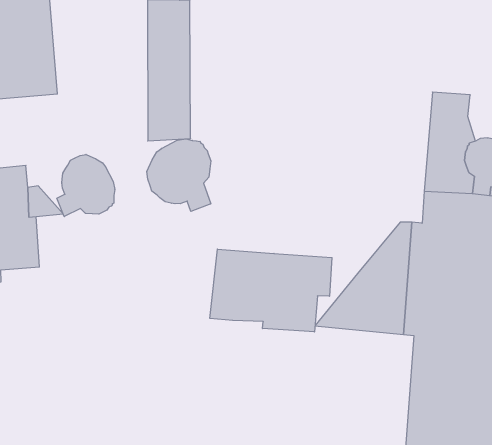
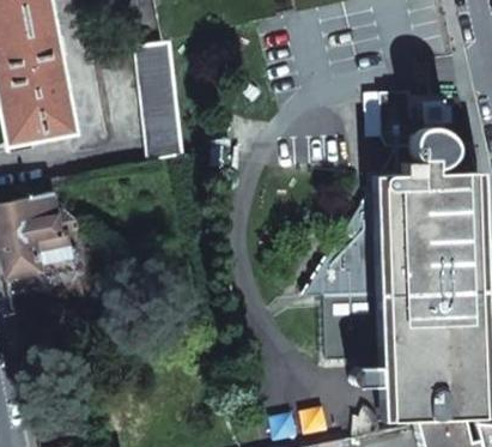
building: [147,139,211,211] -> none
building: [57,154,115,217] -> none
building: [210,249,332,332] -> none

